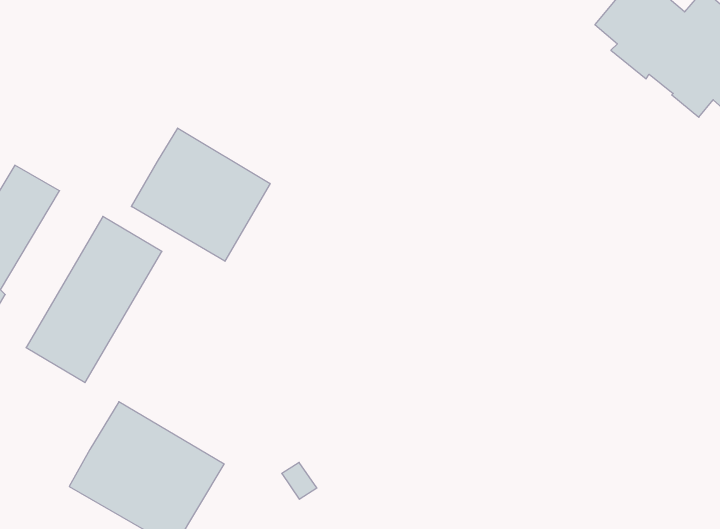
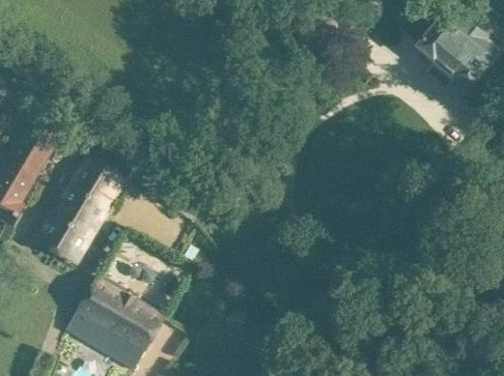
building: [131,128,270,261] -> none

